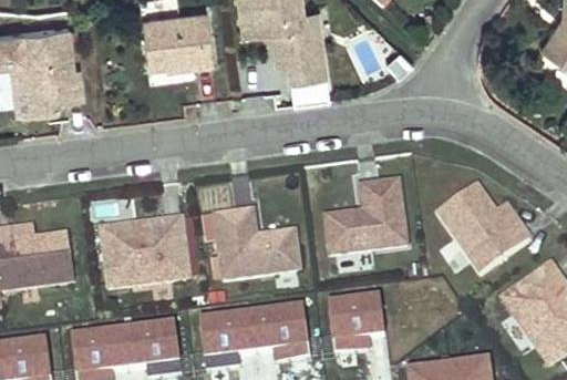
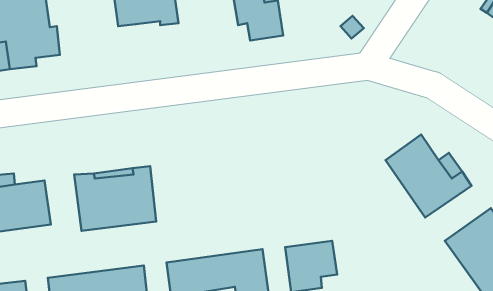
building: [326,179,406,254] -> none
building: [214,209,298,278] -> none

